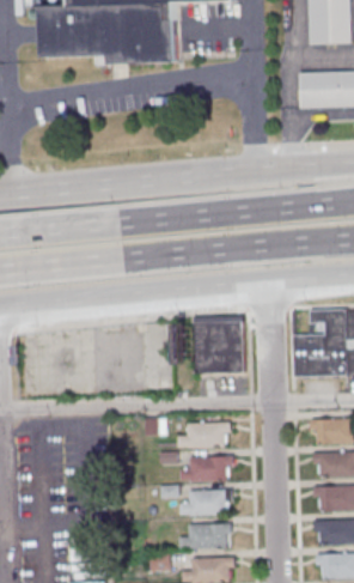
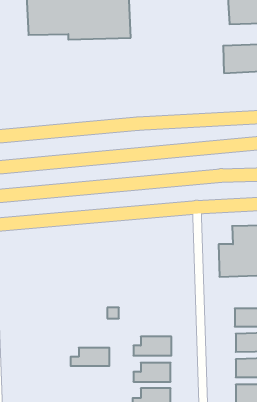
building: [196,316,243,372] -> none
building: [177,423,228,447] -> [71,348,109,366]

